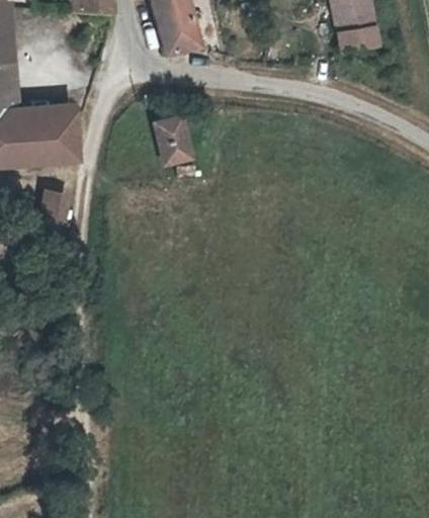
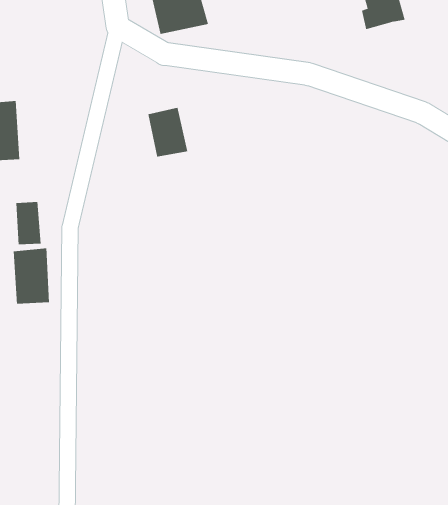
building: [35,107,87,164] -> none
building: none -> [13,247,50,304]

